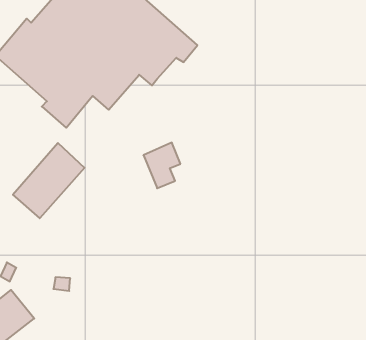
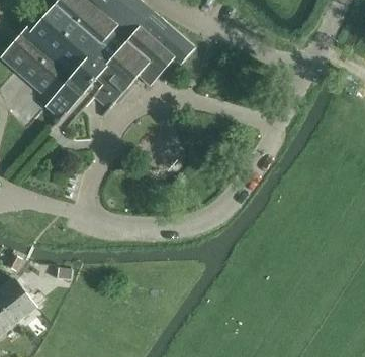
building: [13,143,85,218] -> none

